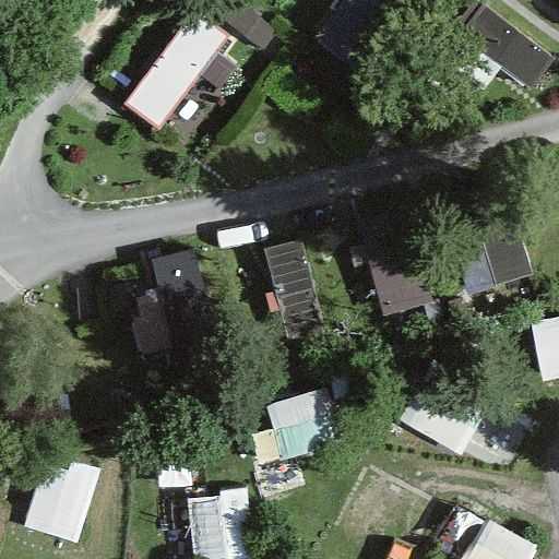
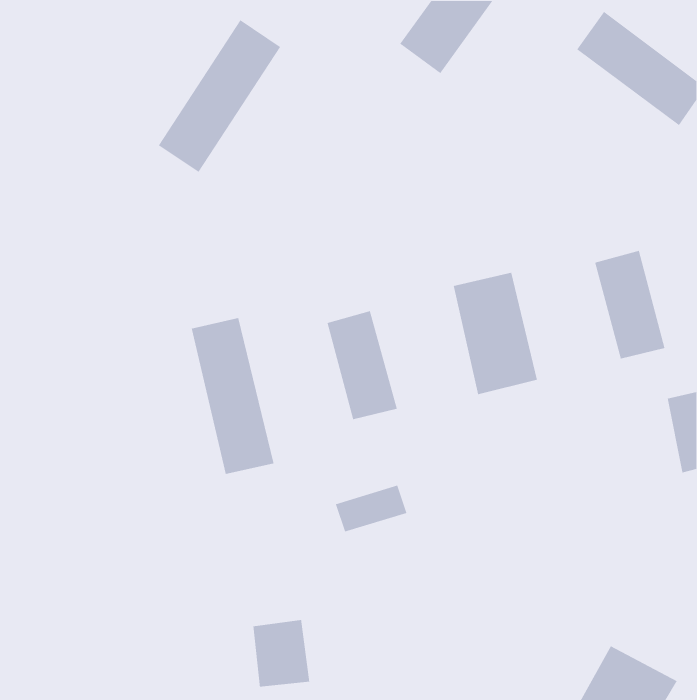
building: [23,456,99,538] -> none

